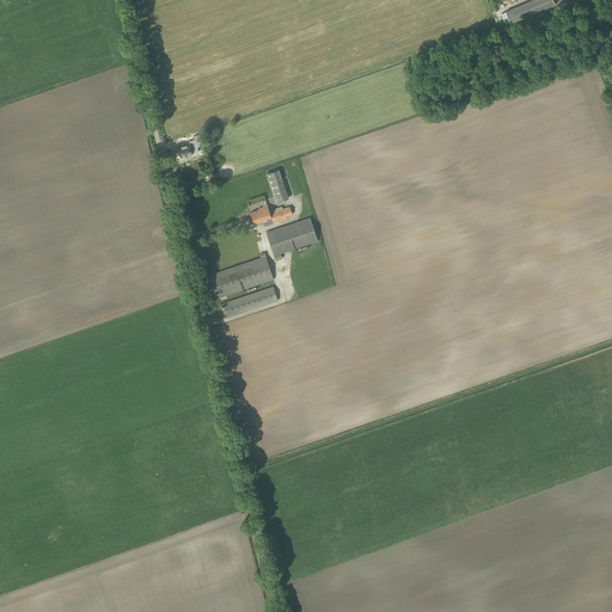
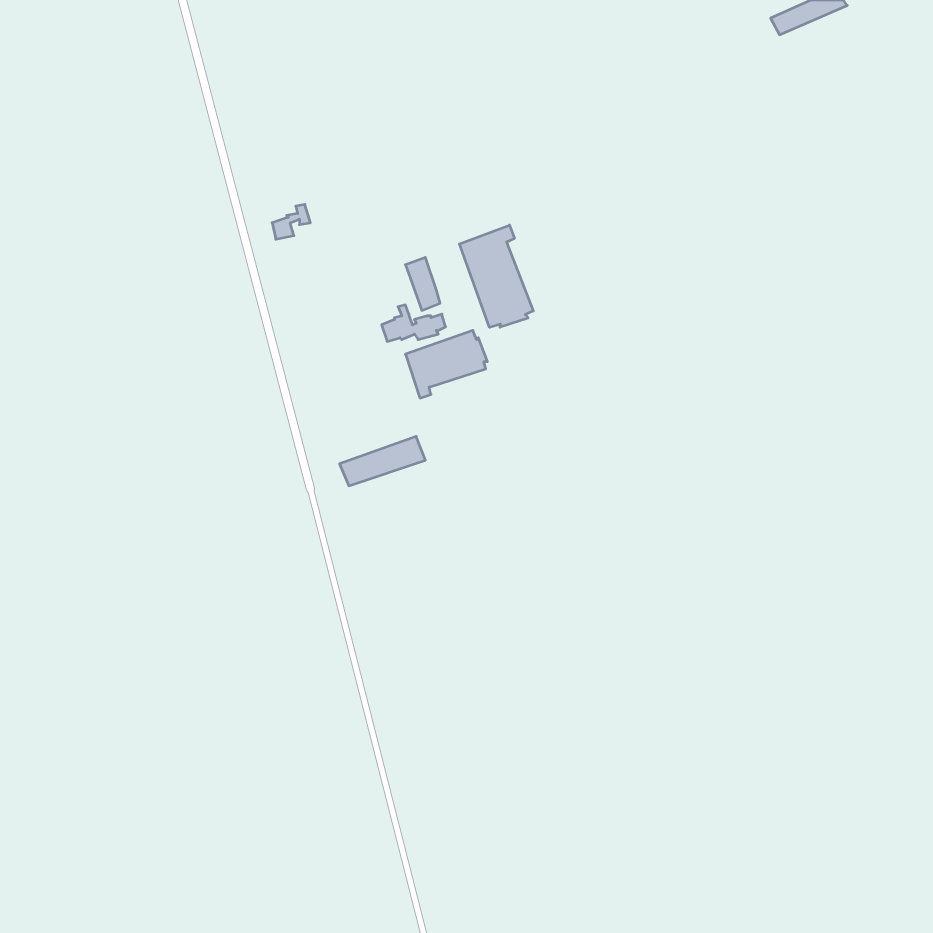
building: none -> [459,225,533,327]
building: [208,252,274,299] -> none

